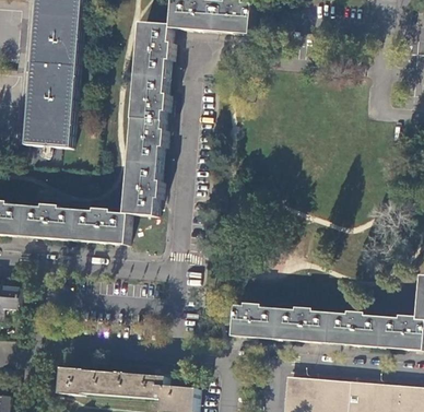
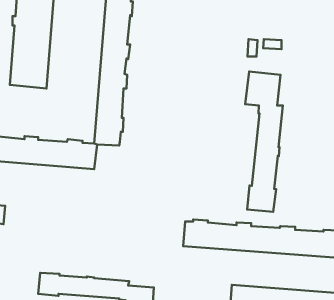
building: none -> [245,72,283,212]

